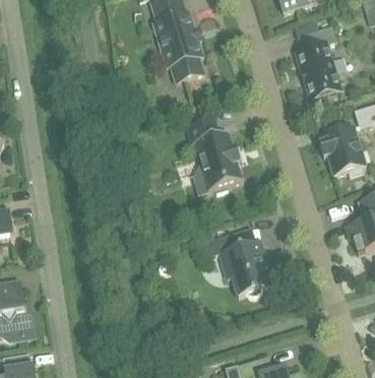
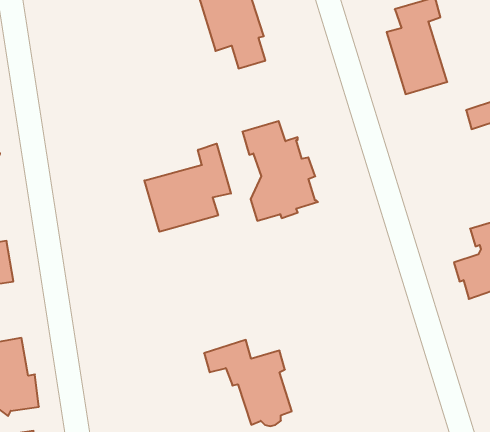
building: [319,125,366,175] -> none
building: none -> [144,144,231,232]
building: [203,232,269,297] -> [204,340,292,426]

